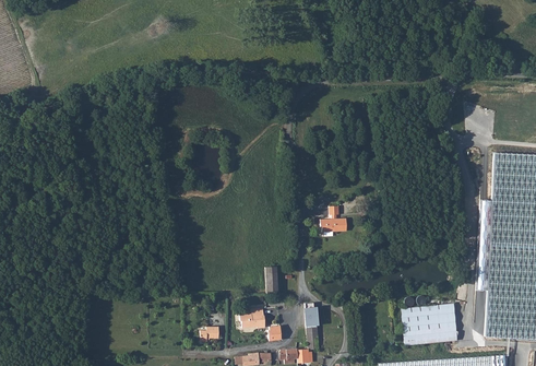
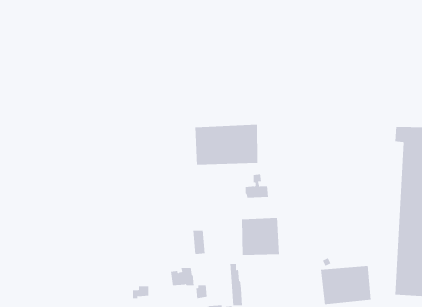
building: none -> [195,124,258,165]
building: none -> [242,217,280,256]

